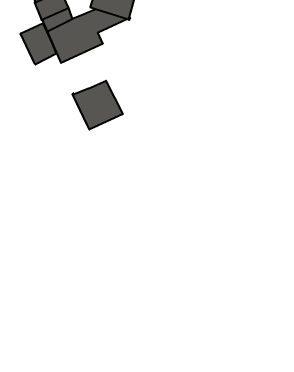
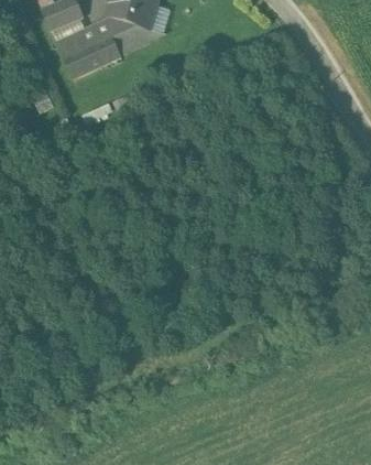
building: [21,23,57,65] -> none
building: [72,81,123,130] -> none

